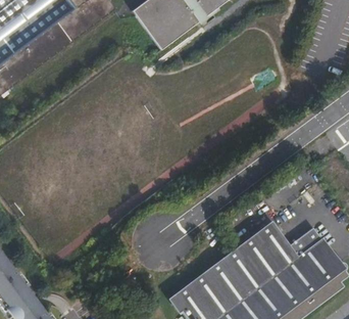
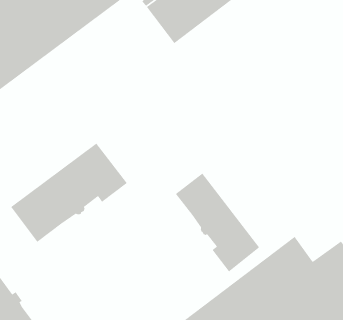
building: none -> [10,143,128,243]
building: none -> [175,172,260,272]

